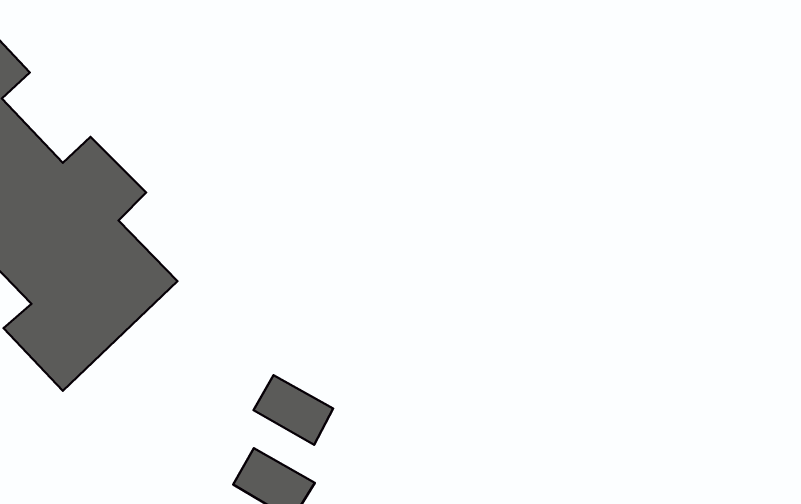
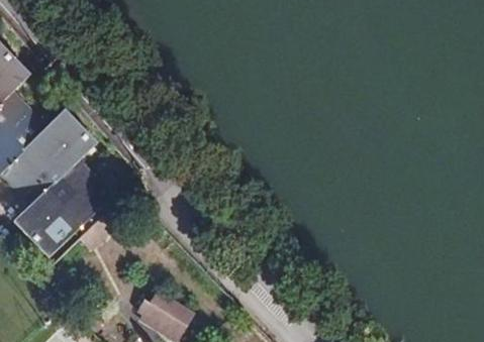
building: [253,375,333,445] -> none

